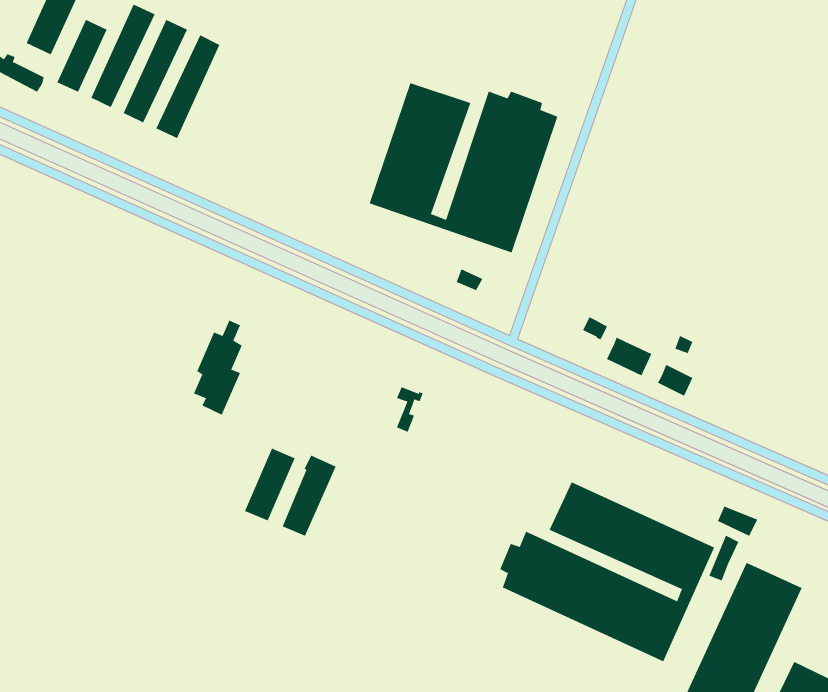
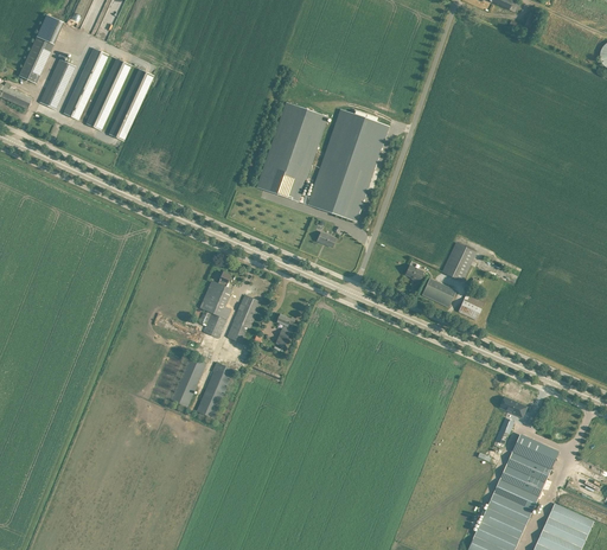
building: none -> [442,242,477,281]
building: [193,320,243,416] -> [198,271,232,338]
building: none -> [226,294,261,343]
building: [500,482,715,662] -> none

